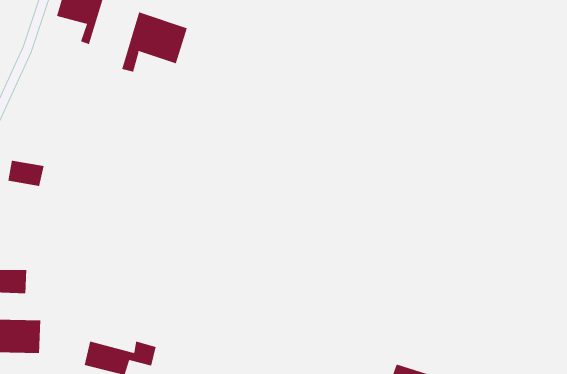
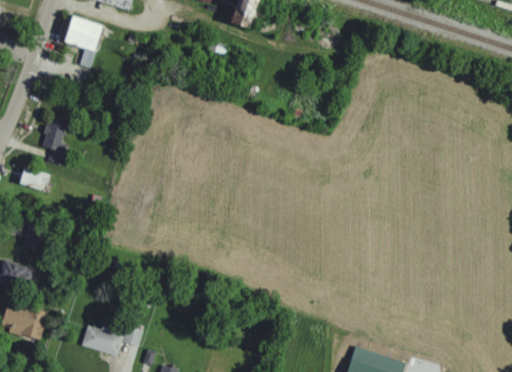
building: [121,12,187,72] -> none
building: none -> [42,118,67,164]

